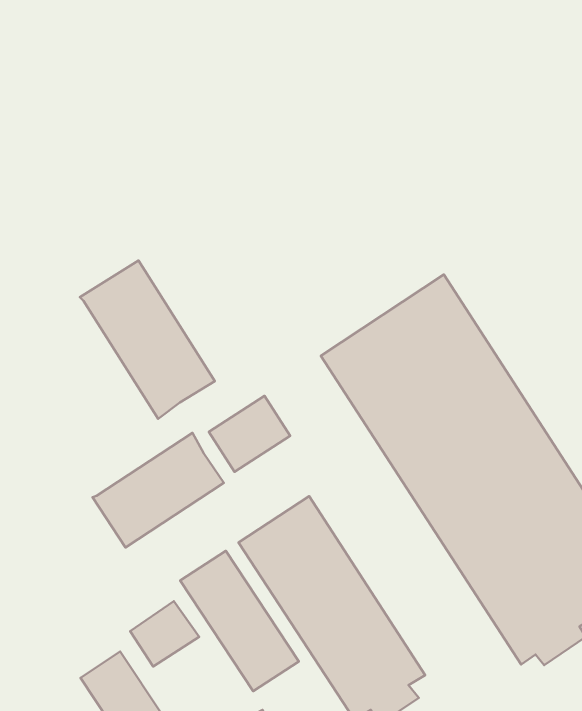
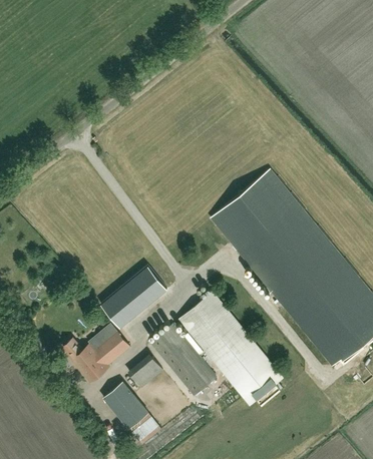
building: [80,260,215,419] -> none
building: [209,396,290,472] -> none
building: none -> [63,332,130,384]

